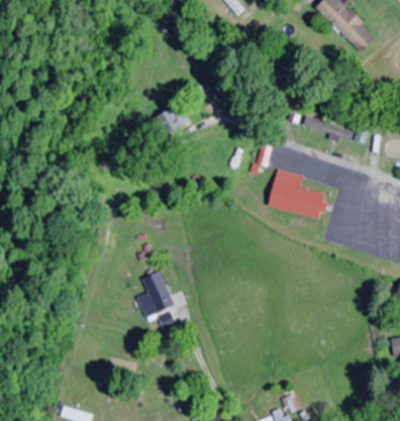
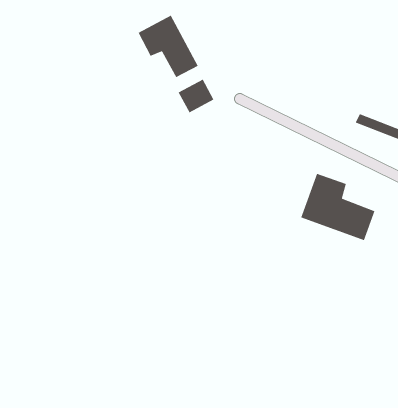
building: none -> [137,15,199,78]
building: [137,272,175,318] -> none

